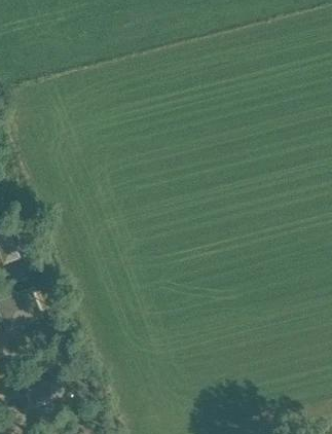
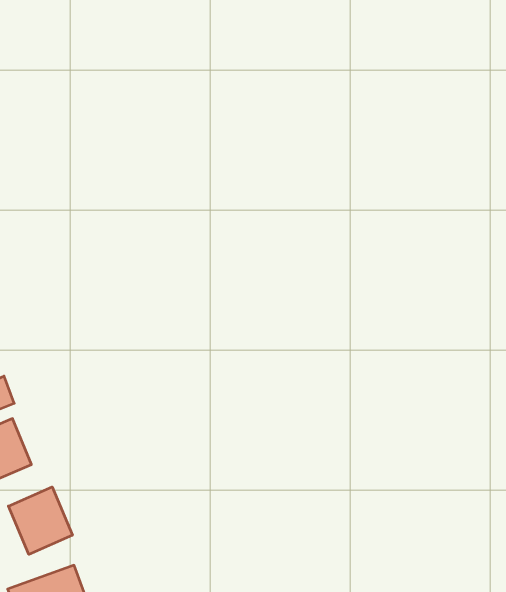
building: none -> [8,487,72,554]

